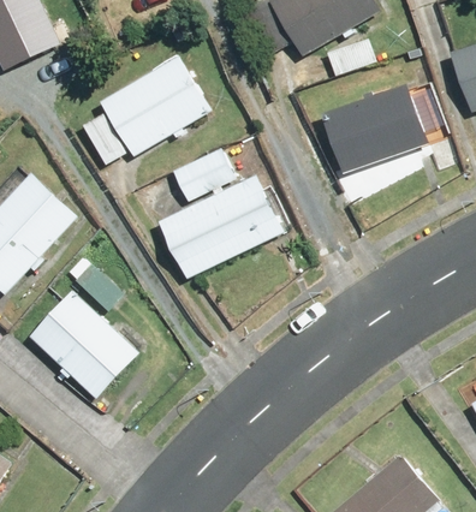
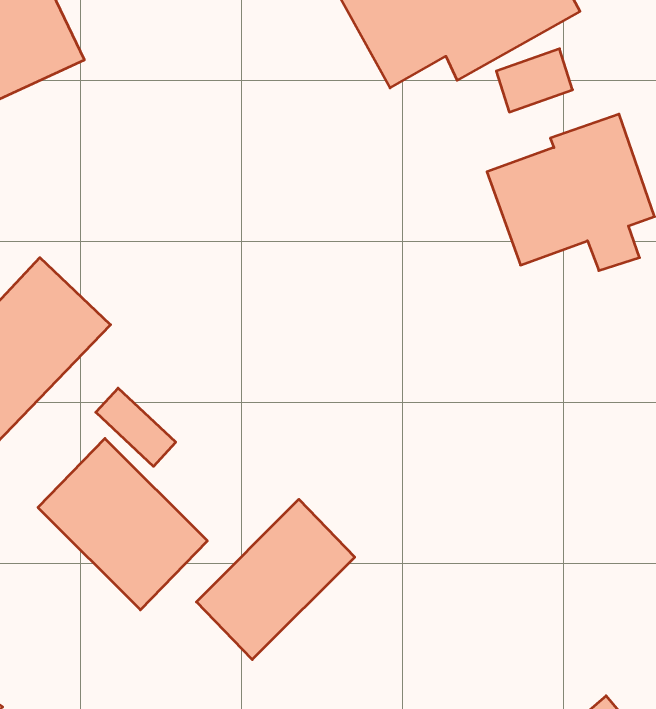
building: [83,55,212,166] -> none
building: [159,148,280,279] -> none
building: none -> [196,499,355,660]

